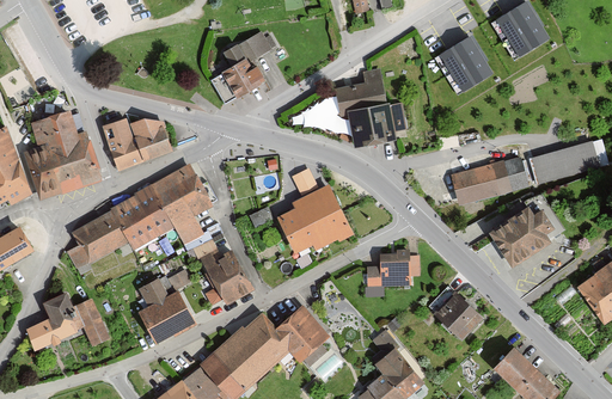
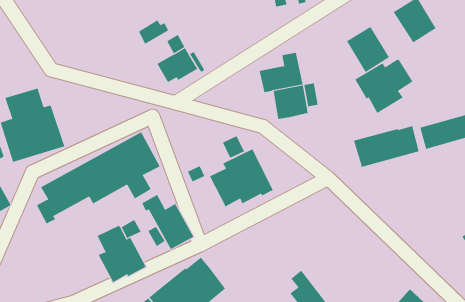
building: [237,31,274,61] -> [138,20,169,44]
building: none -> [354,59,413,114]
building: [103,116,175,170] -> none
building: [485,205,552,269] -> none
building: [367,254,418,286] -> none
building: [429,286,486,339] -> none
building: [27,291,110,350] -> none
building: [276,305,331,361] -> none

